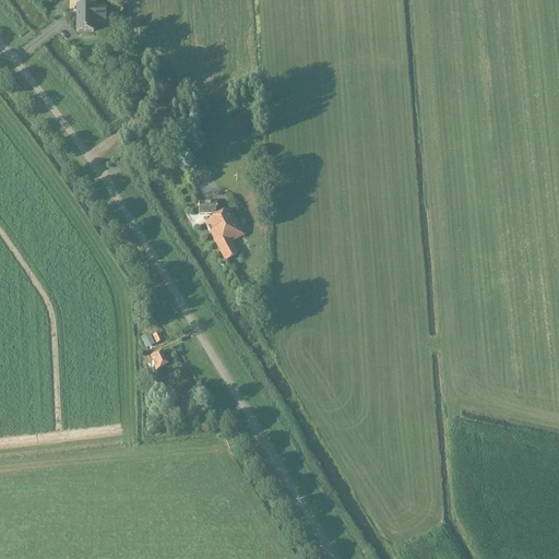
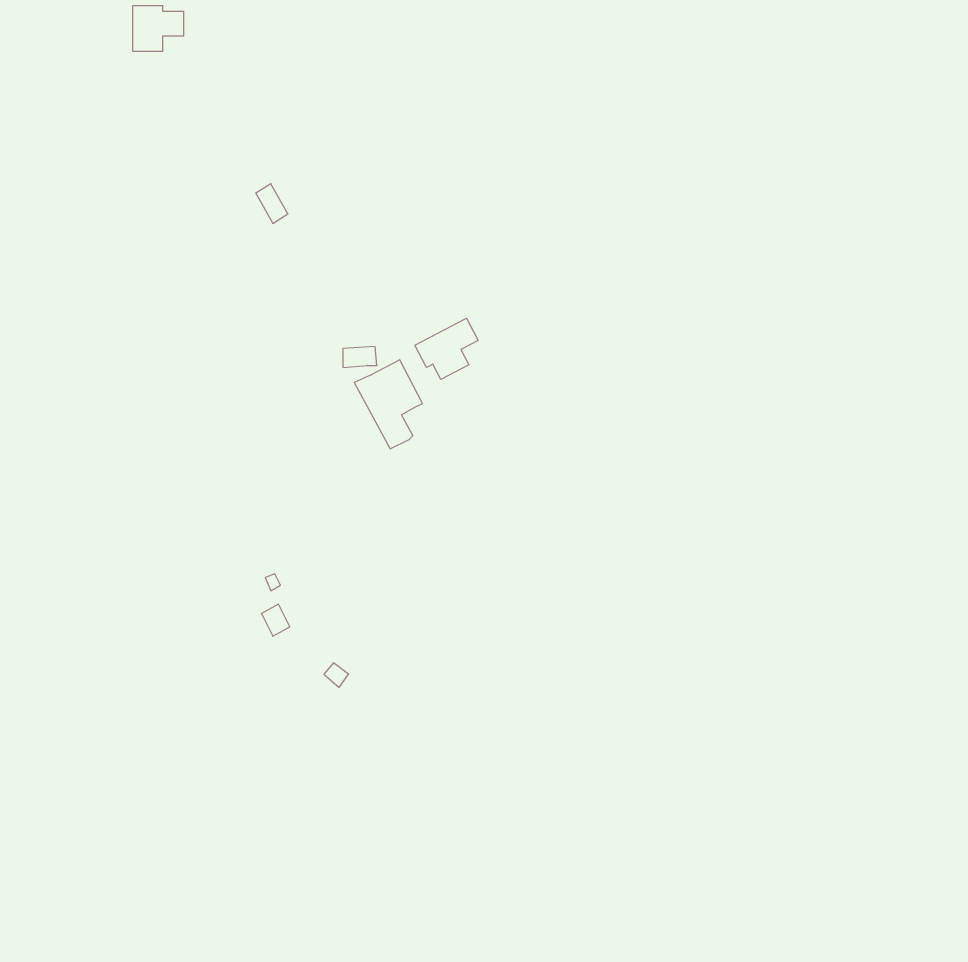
building: none -> [415,318,478,379]

